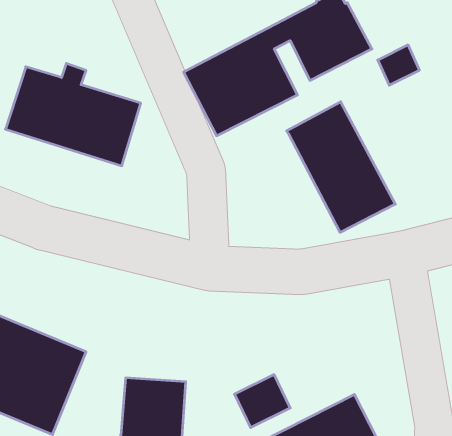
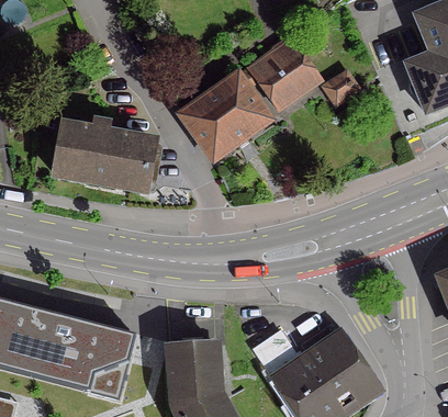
building: [287,102,395,232] -> none

